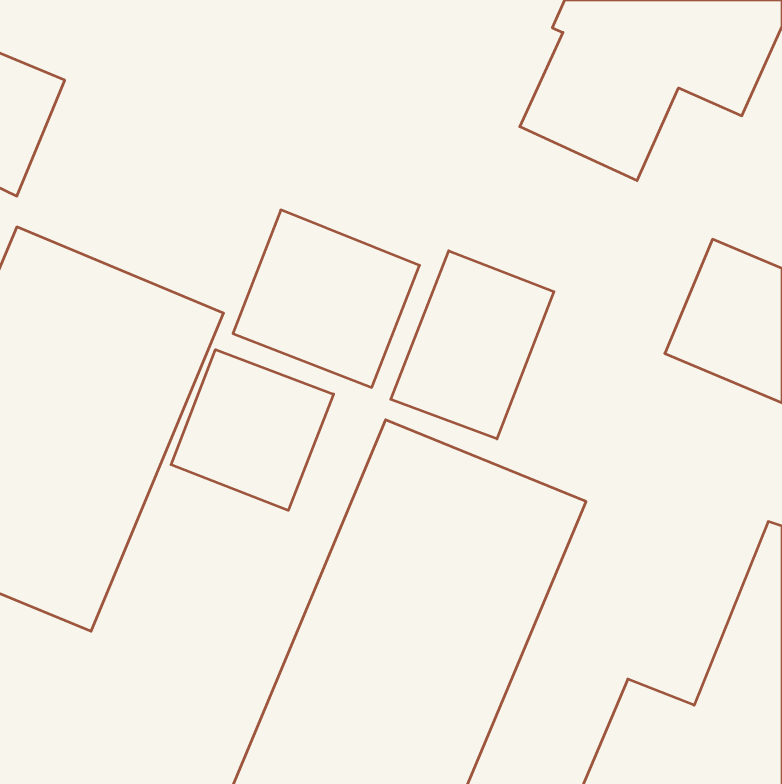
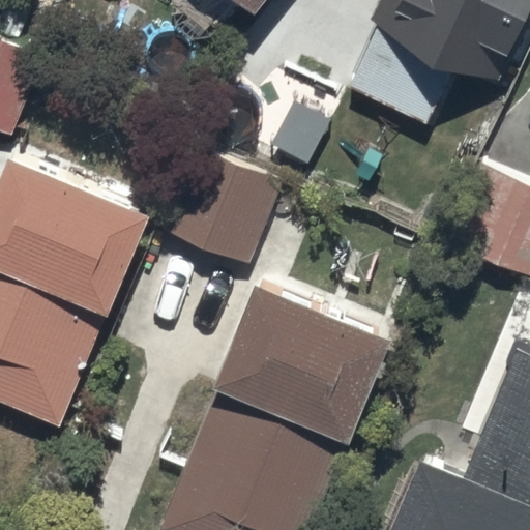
building: [391,251,554,439] -> none
building: [171,350,334,510] -> none

